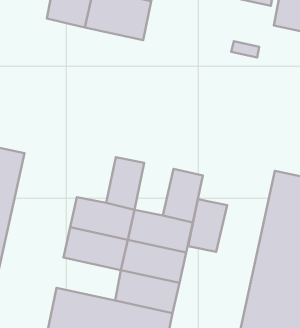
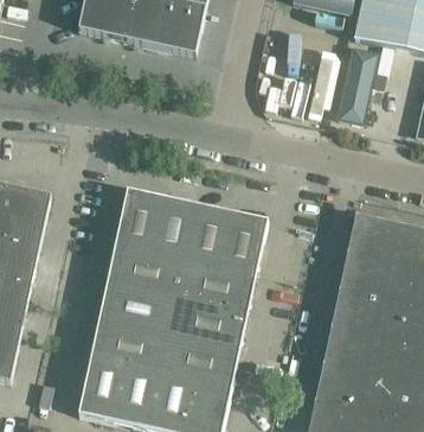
building: none -> [339,45,379,122]
building: none -> [115,188,162,252]
building: [188,199,227,252] -> [185,203,232,267]
building: none -> [90,318,168,370]

